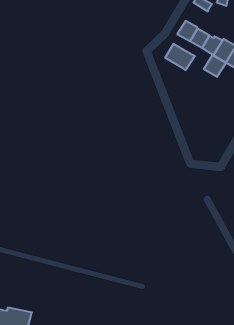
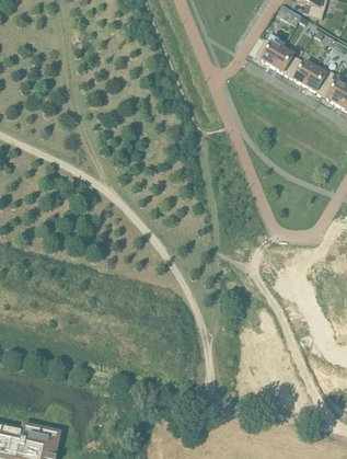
building: [165,44,195,70] -> none
building: [204,55,226,77] -> none

